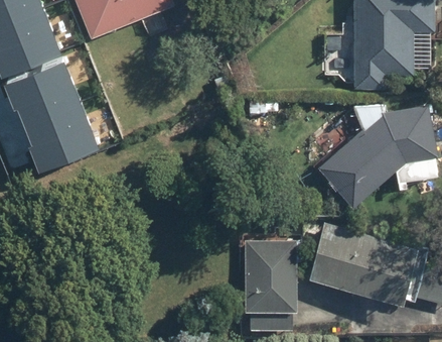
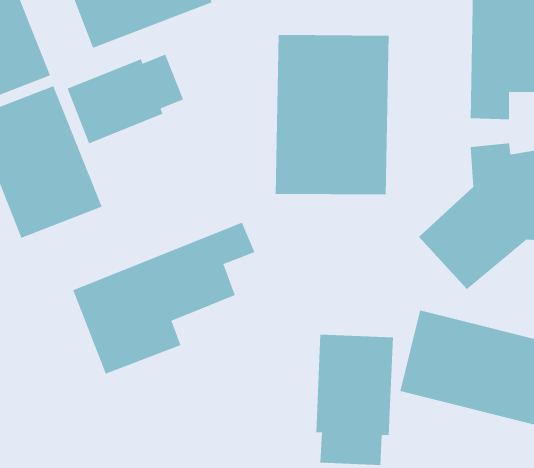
building: none -> [275,34,389,195]
building: none -> [67,54,184,144]
building: none -> [73,222,255,375]

